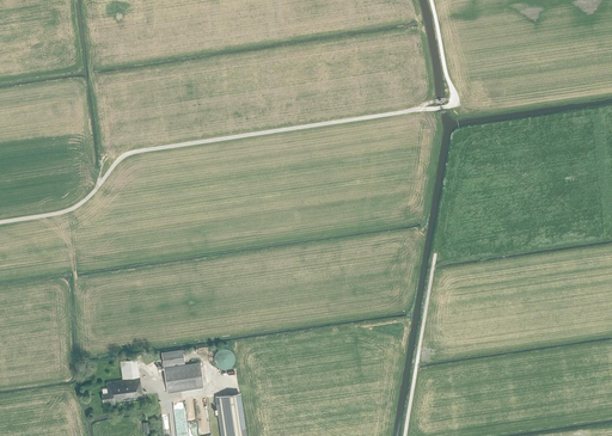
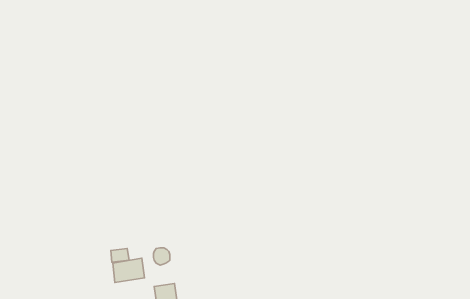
building: [102,377,142,401] -> none

